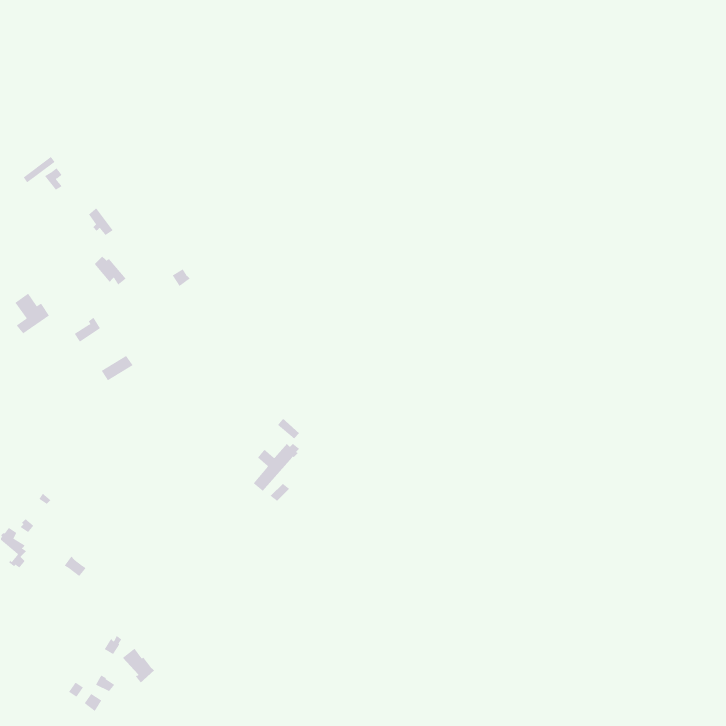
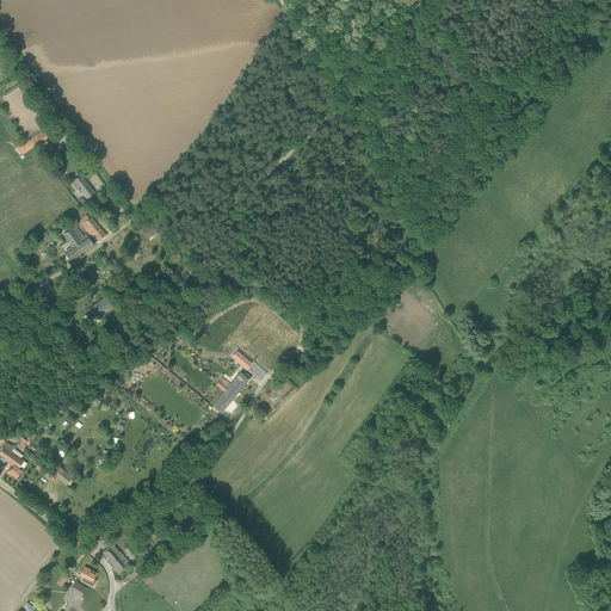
building: [14,293,50,334] -> [64,226,94,260]

